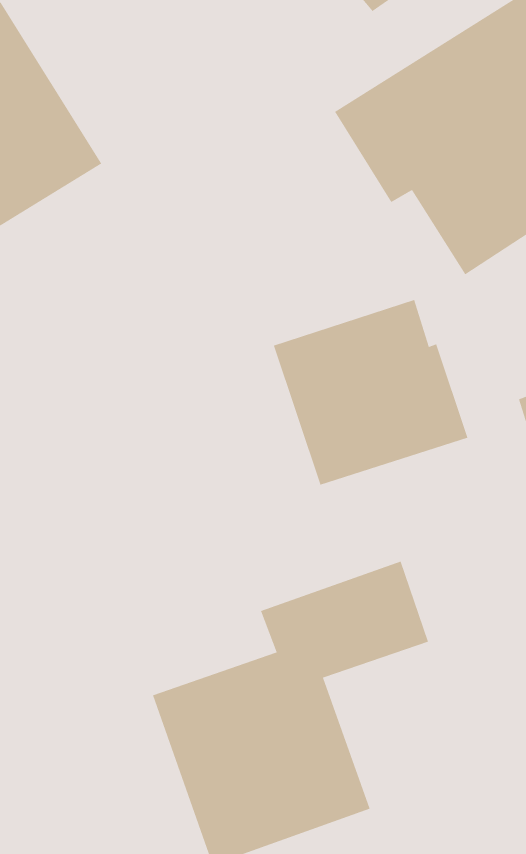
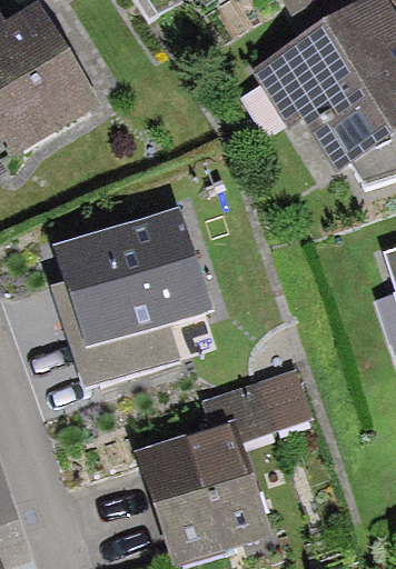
building: [273,299,468,486] -> none
building: none -> [56,211,219,358]

